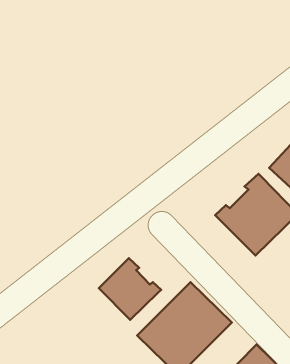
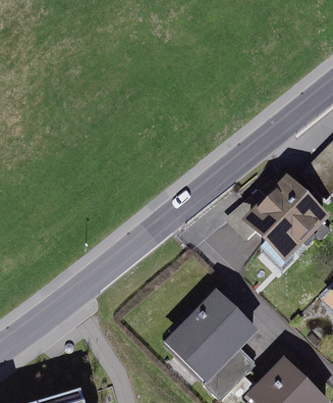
building: [99,258,161,320] -> none

